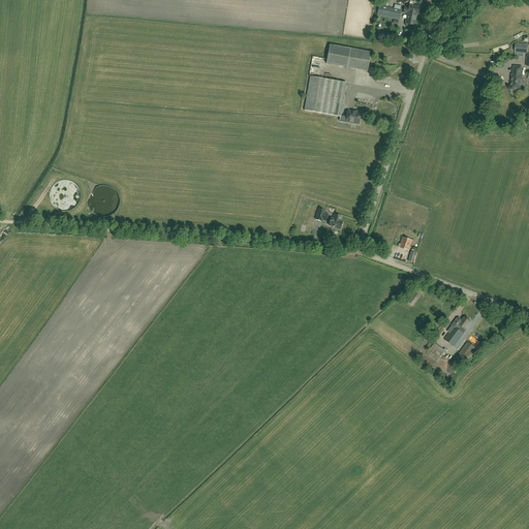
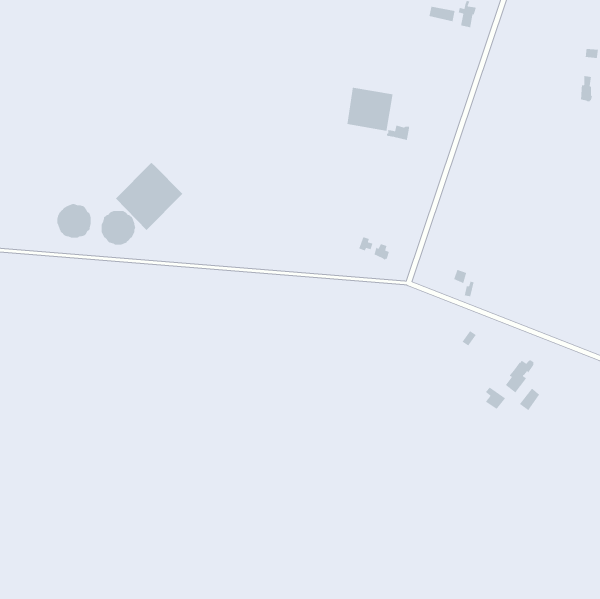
building: [326,44,371,70] -> none
building: none -> [115,161,183,231]

